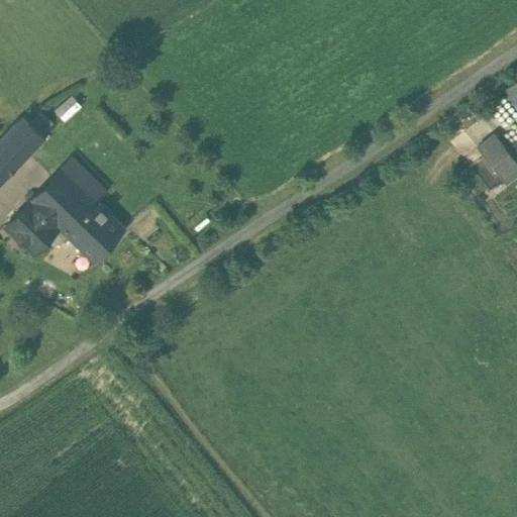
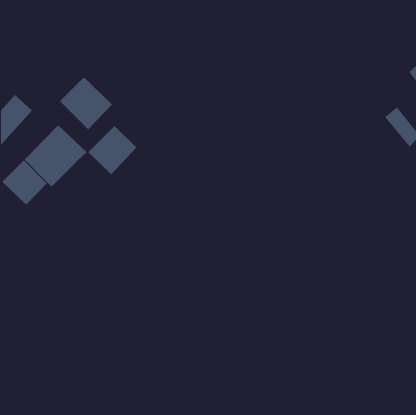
building: none -> [59,77,113,130]
building: [66,202,127,264] -> [87,125,137,175]

